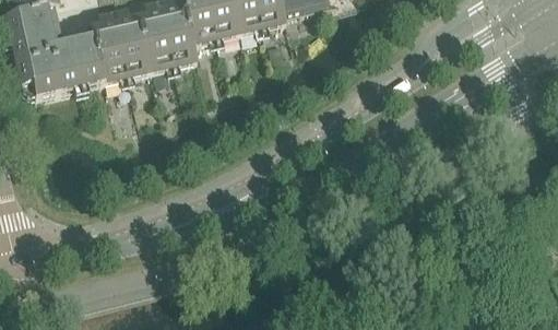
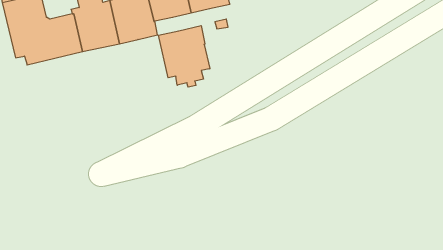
building: none -> [158,26,210,87]

